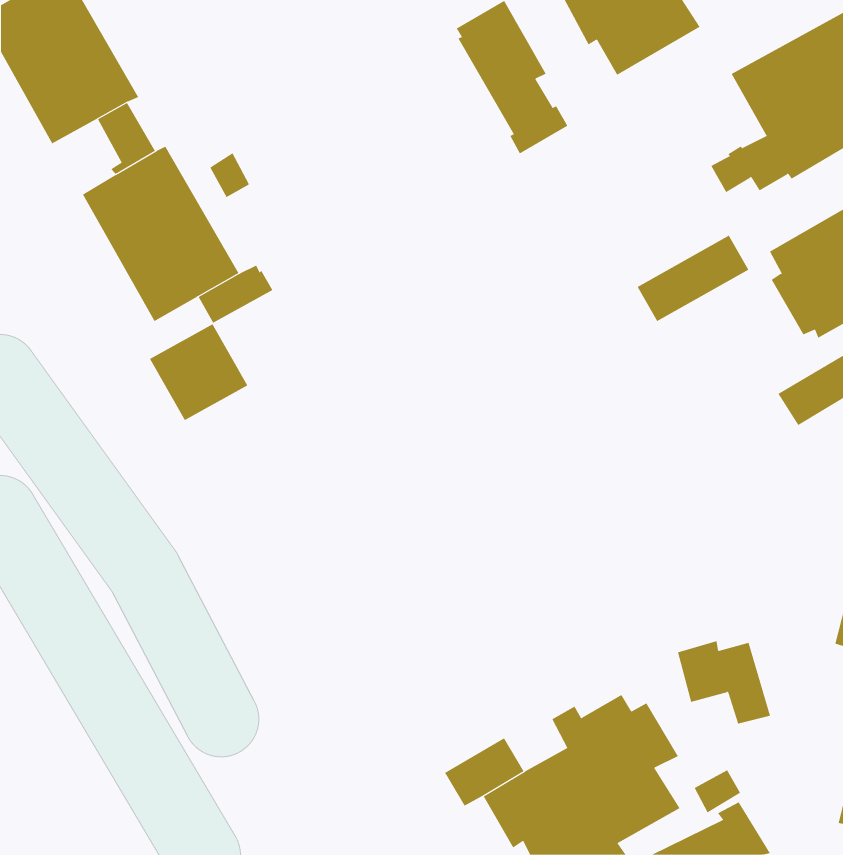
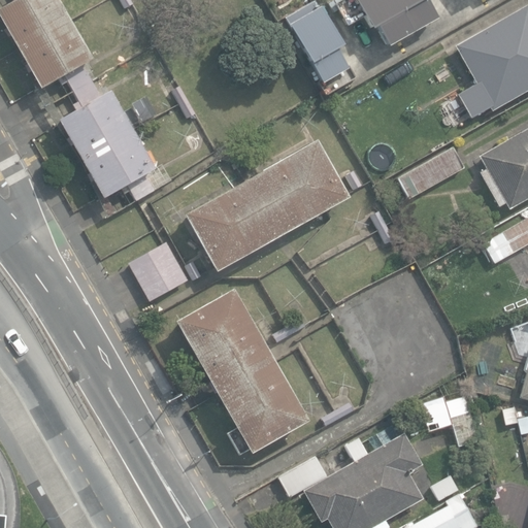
building: none -> [183,138,349,271]
building: [149,324,248,421] -> [132,240,193,300]
building: none -> [174,288,309,454]

